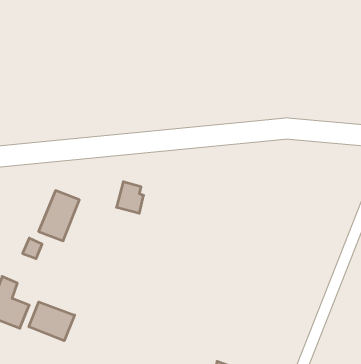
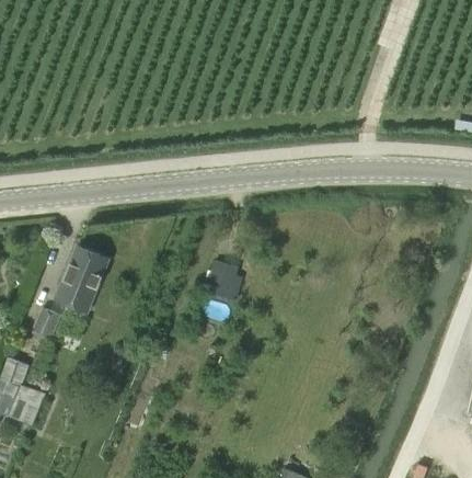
building: [116,182,144,213] -> [205,261,240,301]
building: [29,302,75,341] -> none

